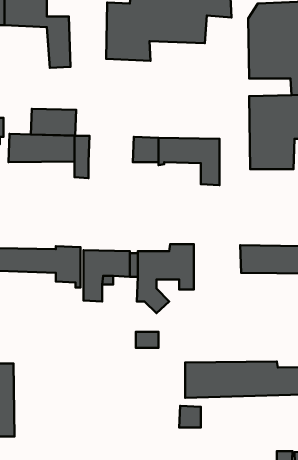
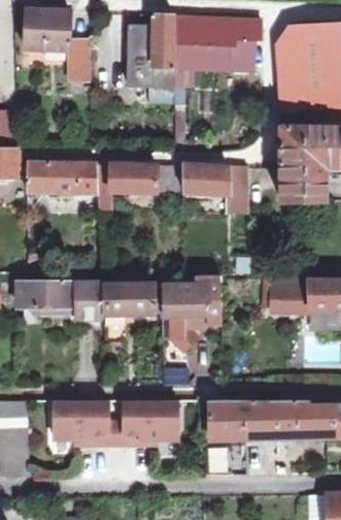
building: [31,109,76,135] -> [110,164,158,192]
building: none -> [56,401,110,446]
building: none -> [126,401,180,446]

